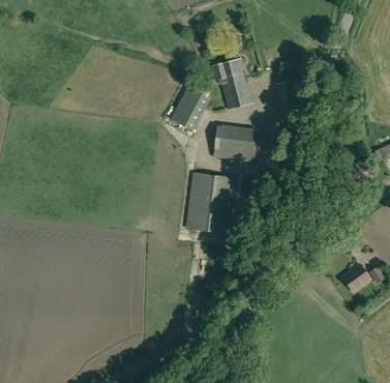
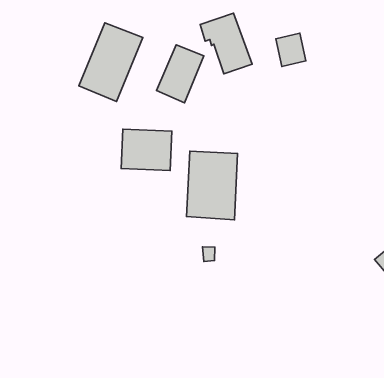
building: none -> [79,23,143,101]
building: [213,124,259,163] -> [121,129,172,170]

